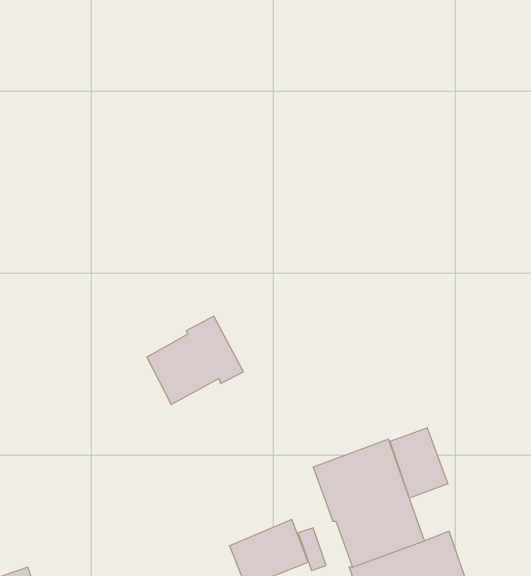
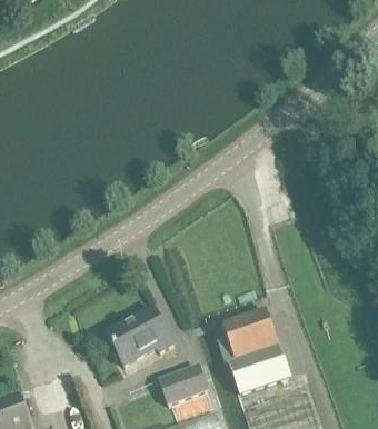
building: [147,316,243,405] -> [108,308,173,368]
building: [390,428,448,498] -> none

